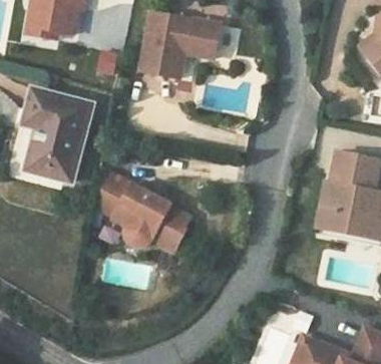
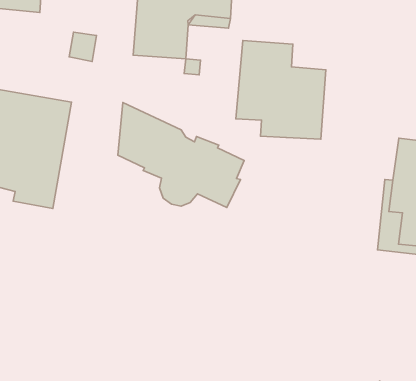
building: none -> [236,40,326,139]
building: [94,166,188,252] -> [118,103,244,208]

